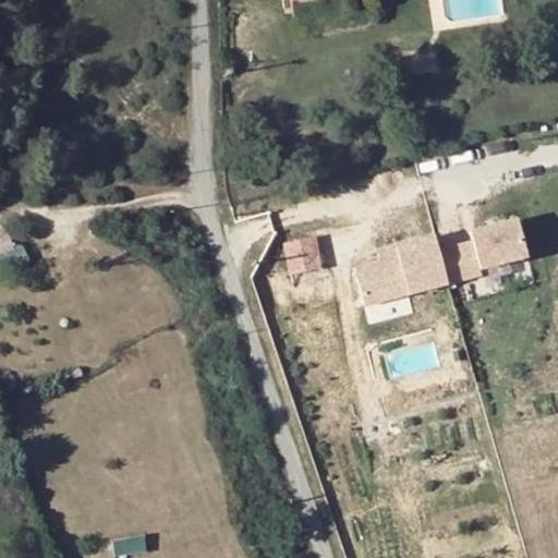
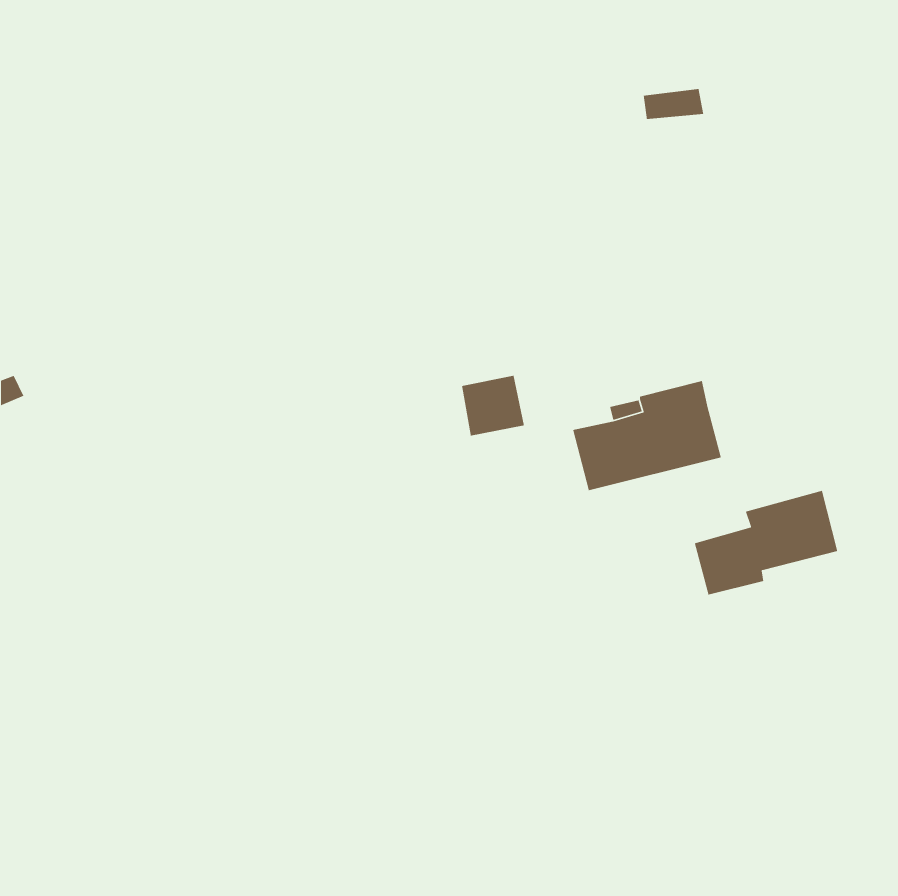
building: [439,218,529,283] -> [694,490,838,596]

